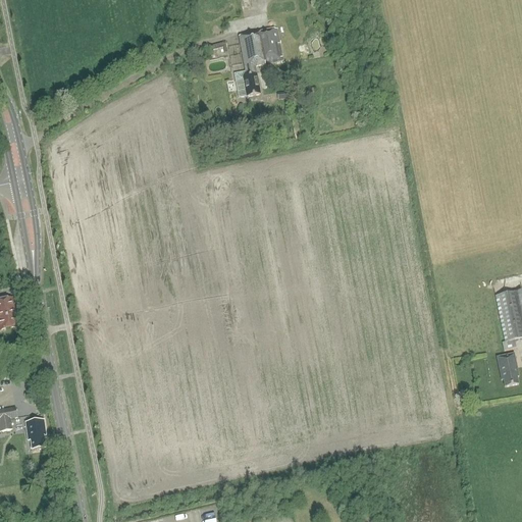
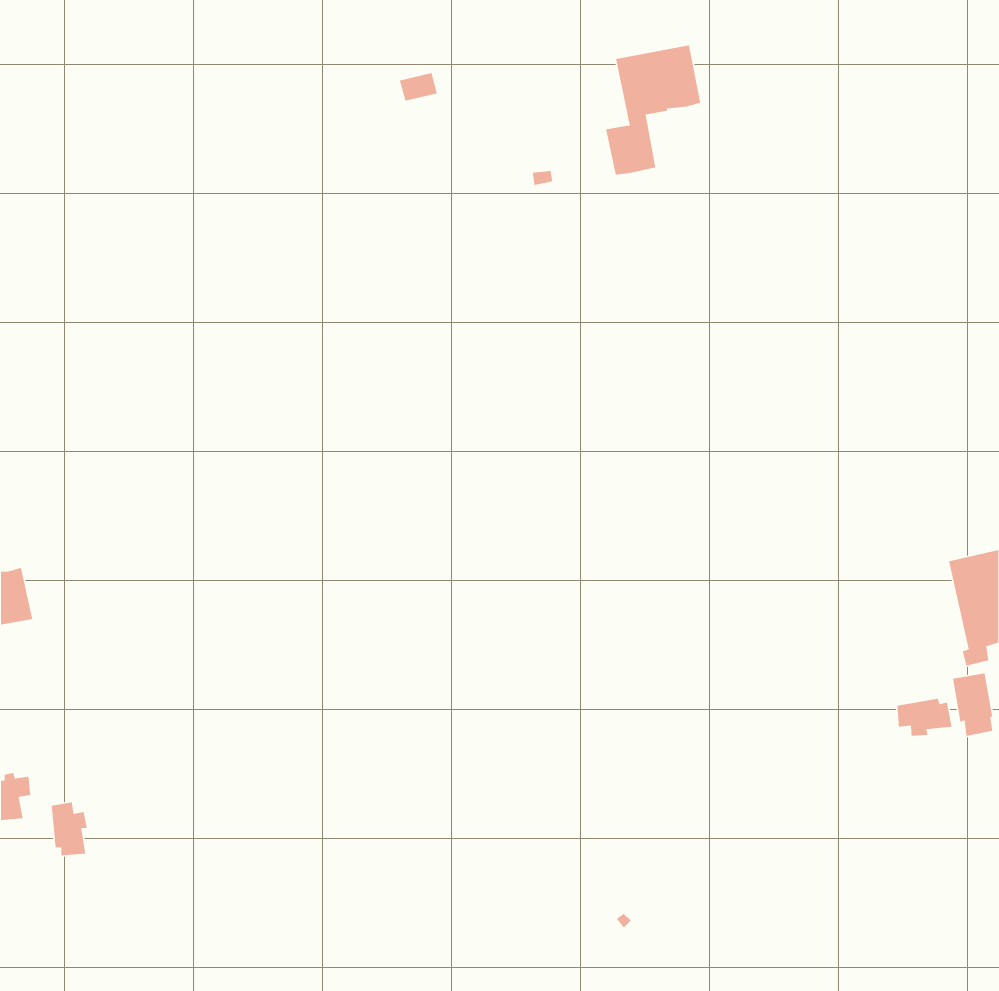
building: [233,27,283,95] -> [605,45,701,176]
building: none -> [896,698,952,736]

